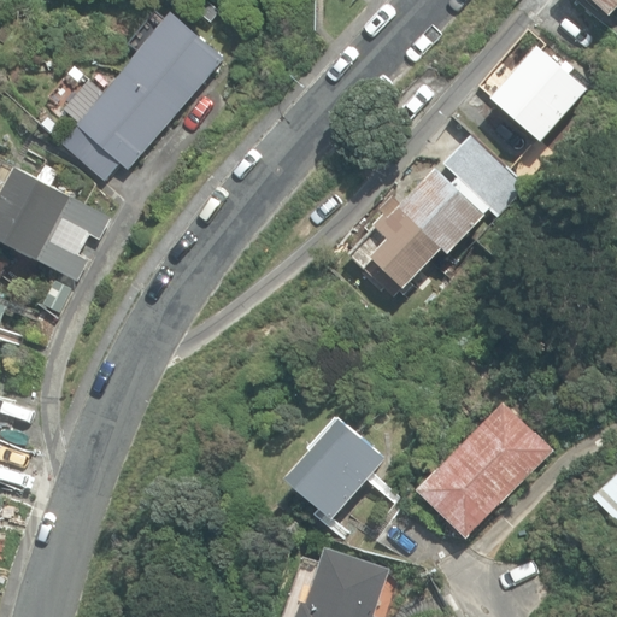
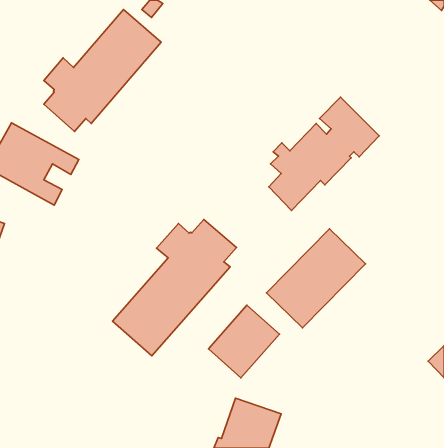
building: [490,46,587,142] -> none
building: none -> [112,219,236,356]
building: [415,402,551,539] -> [266,229,365,328]

